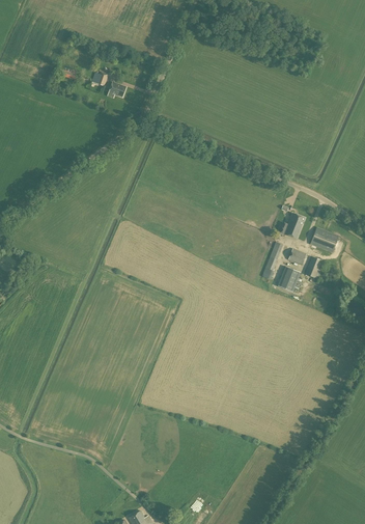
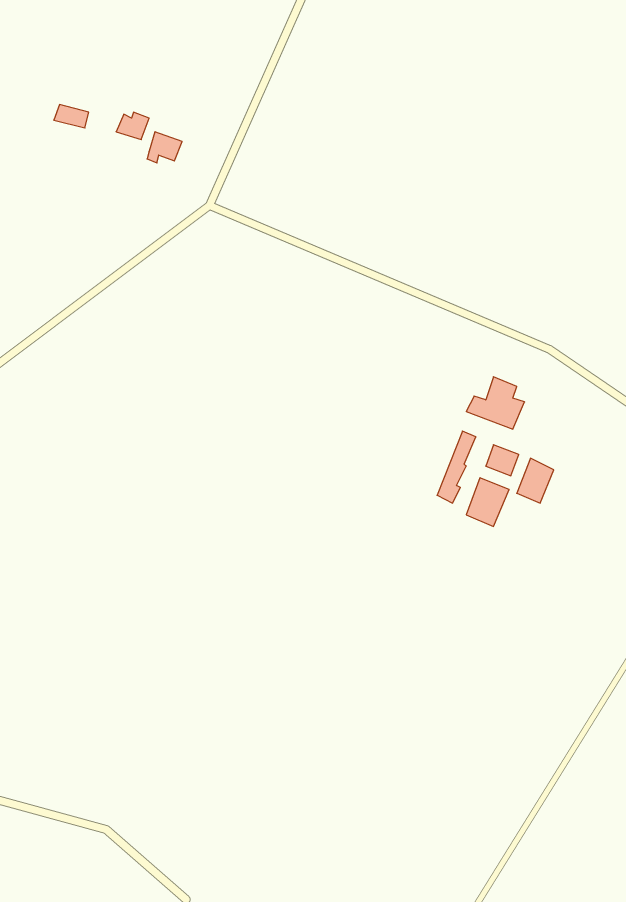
building: [309,226,338,252] -> none

